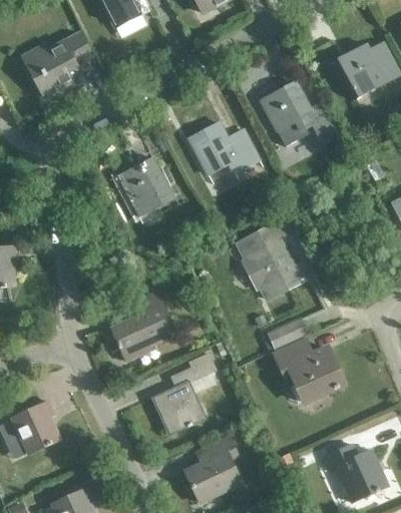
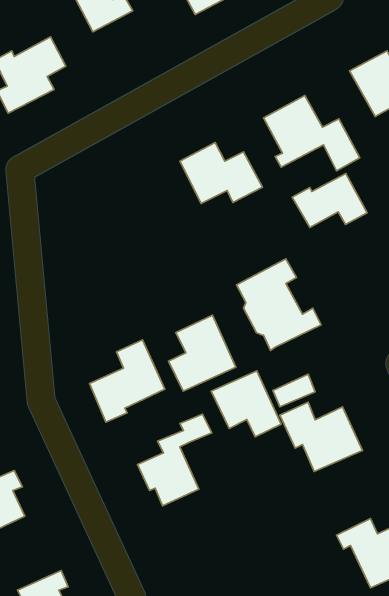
building: none -> [292,174,367,227]
building: [116,158,172,216] -> none
building: none -> [169,315,236,391]
building: none -> [211,371,281,437]
building: [184,437,241,502] -> none

